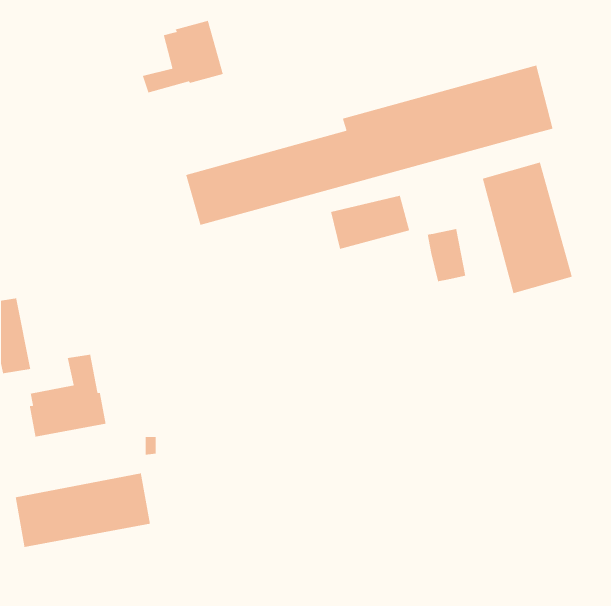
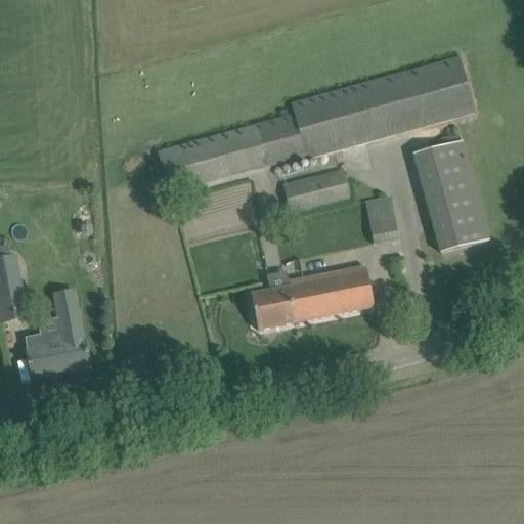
building: [142,20,224,93] -> none
building: none -> [251,264,375,329]
building: [15,473,151,548] -> none

